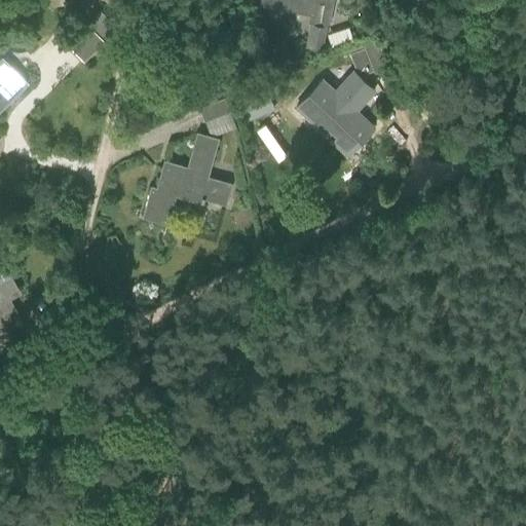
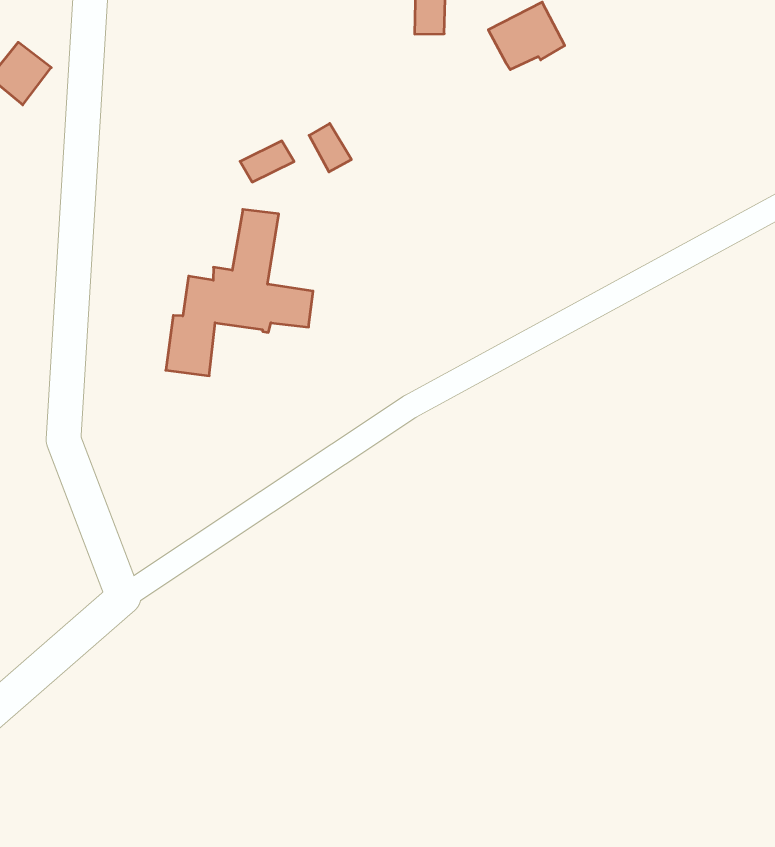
building: [298,77,376,154] -> none

